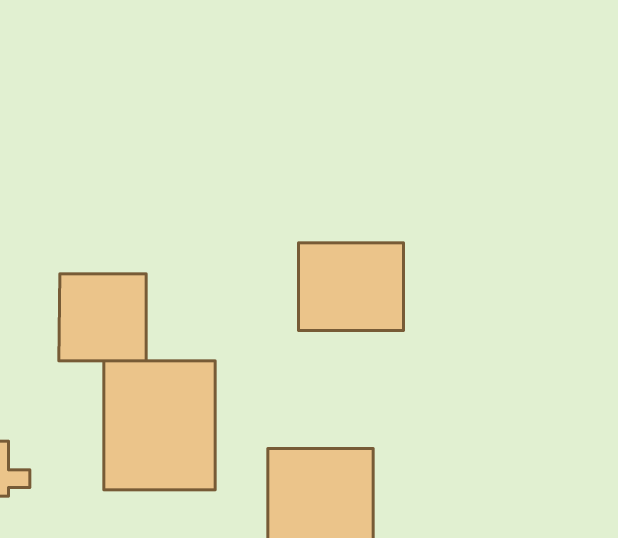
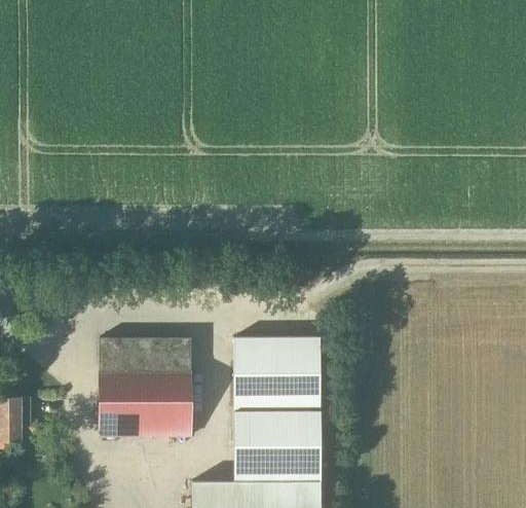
building: [298,243,404,331] -> [234,336,321,408]
building: [59,274,146,361] -> none

